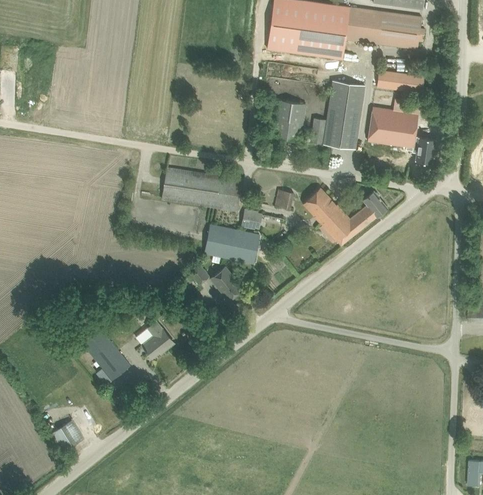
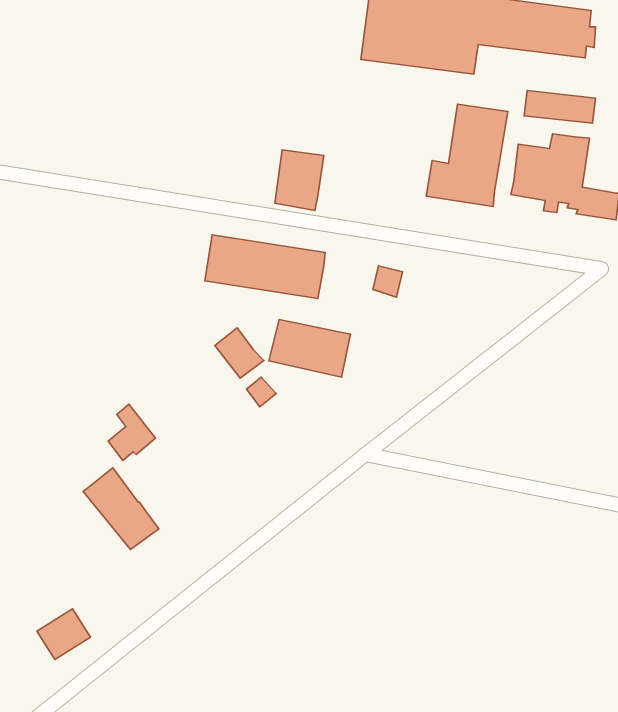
building: [272,100,305,141] -> [275,150,324,211]
building: [302,187,387,245] -> none
building: [240,208,262,230] -> none
building: [210,266,243,300] -> [215,328,264,378]
building: [141,320,173,358] -> [108,404,156,461]

